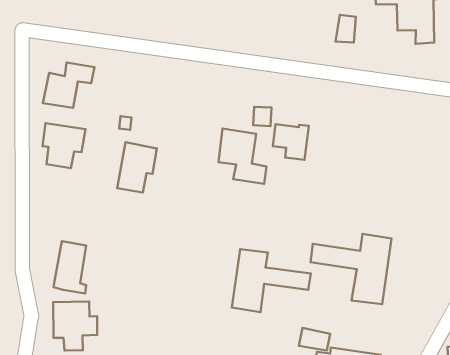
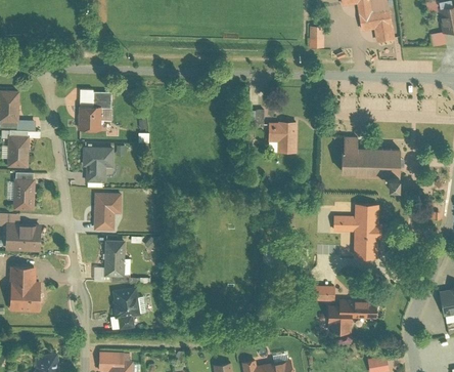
building: [218,128,266,184] -> none
building: [117,142,157,192] -> [93,189,122,229]
building: none -> [344,137,402,184]
building: [232,249,311,312] -> none

